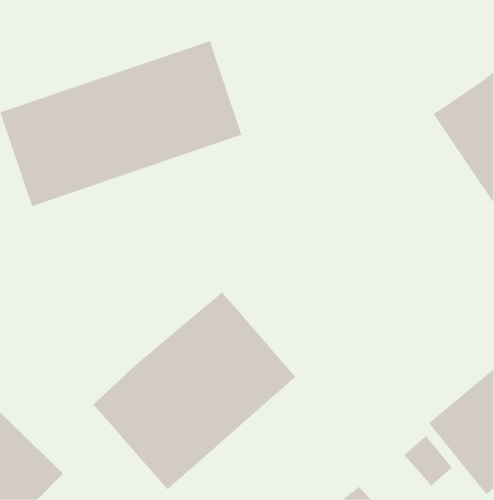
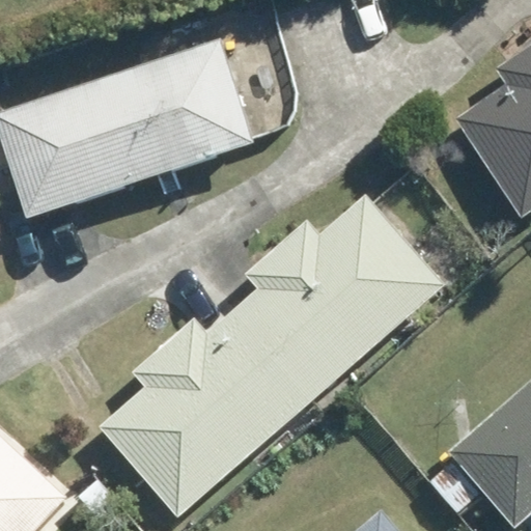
building: none -> [234,194,443,397]

